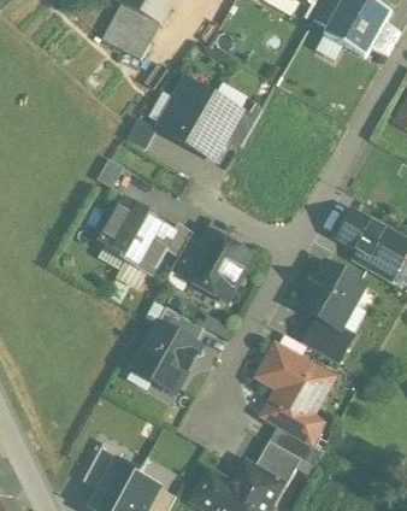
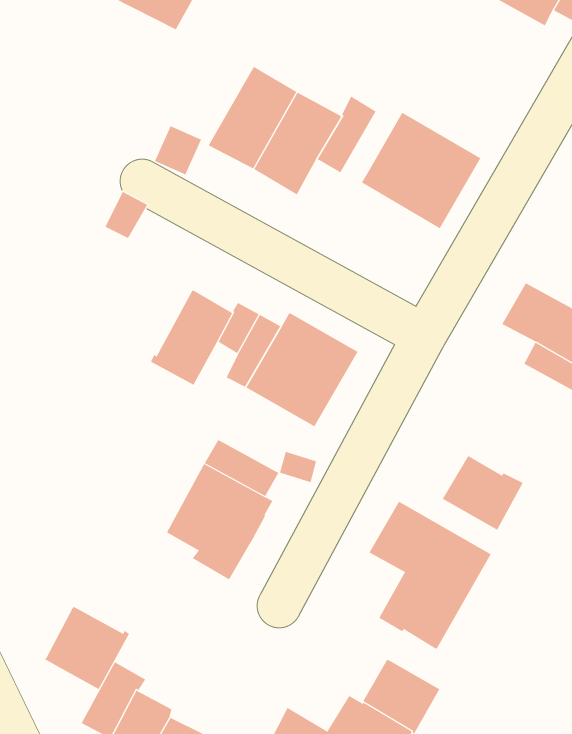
building: none -> [361,112,481,229]
building: [99,195,152,257] -> none
building: [300,262,364,329] -> none
building: none -> [44,606,130,690]
building: [270,423,315,462] -> none

